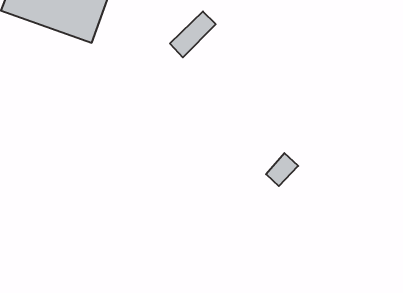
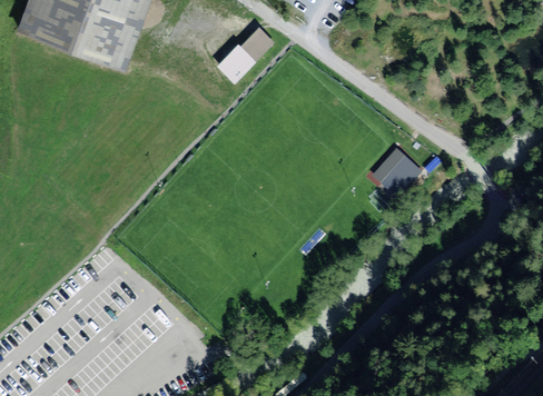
building: [266,153,298,186] -> [382,156,421,196]

